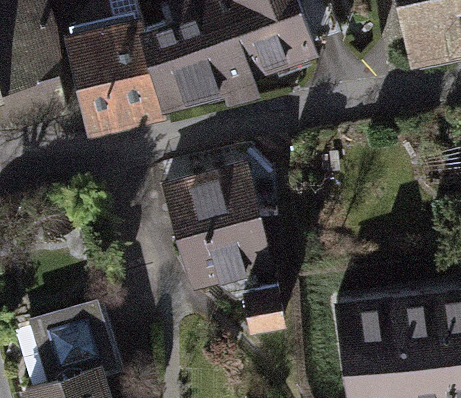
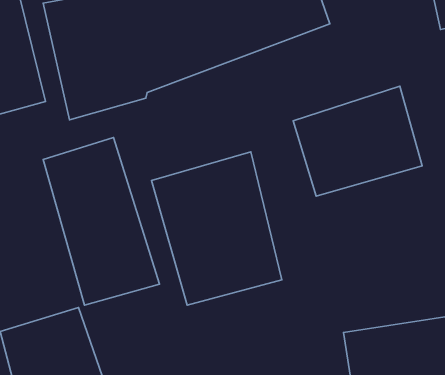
building: none -> [293,86,422,196]
building: none -> [43,137,159,305]

